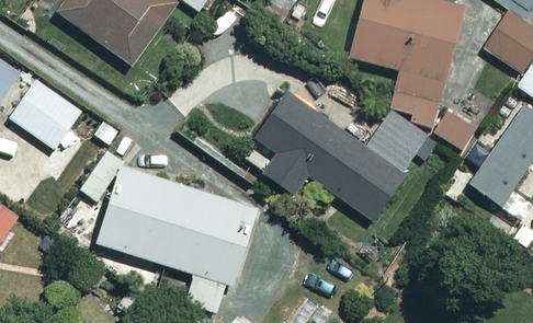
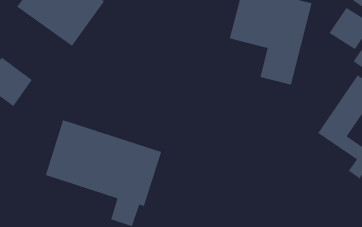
building: [258,94,440,223] -> none

